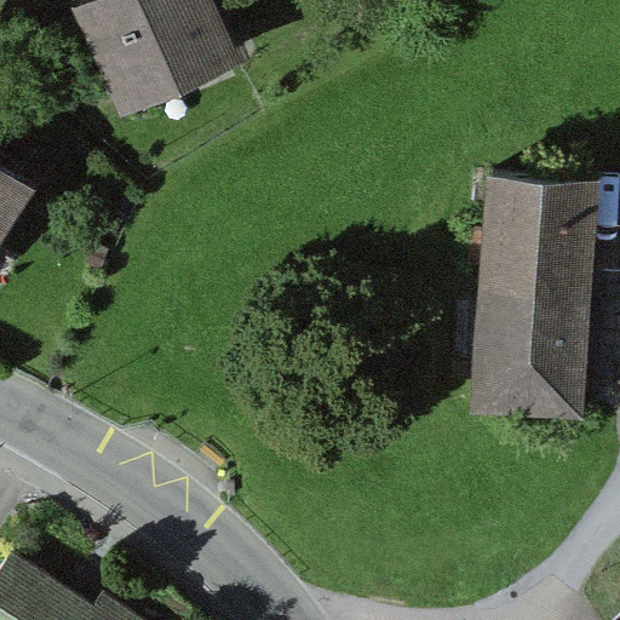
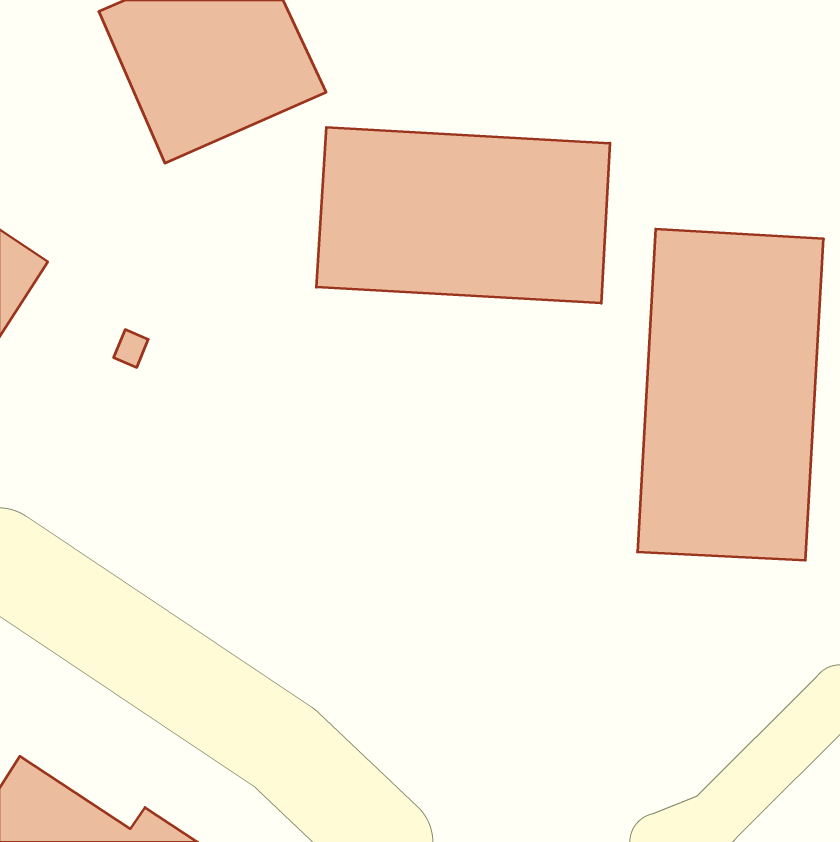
building: none -> [316,127,610,303]

